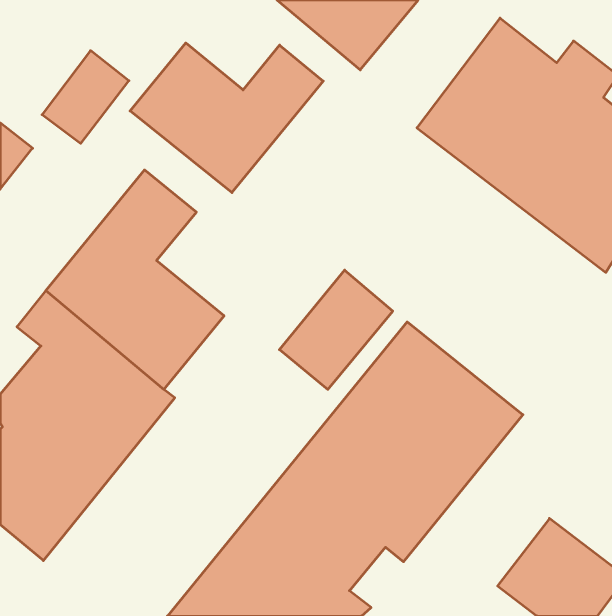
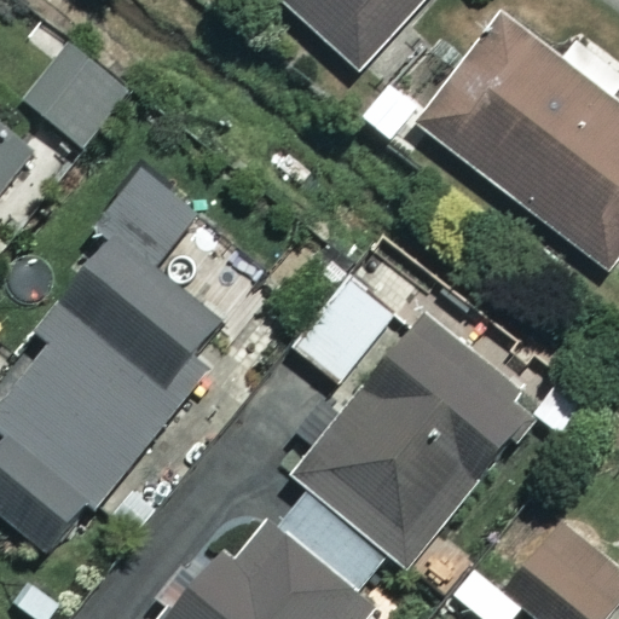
building: [130,43,323,193] -> none

